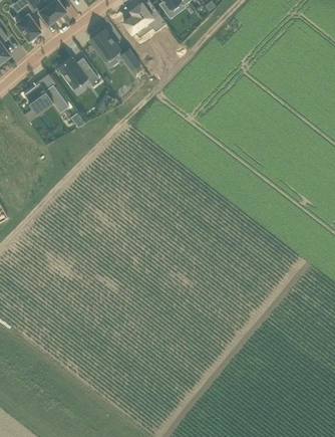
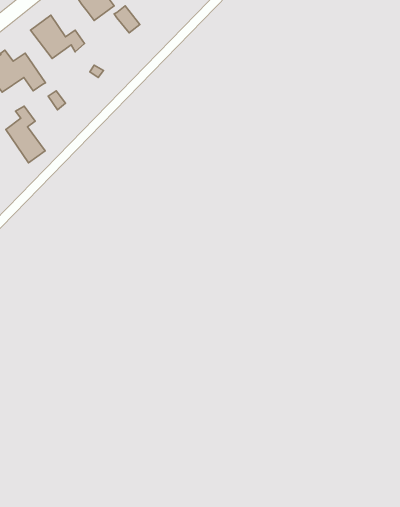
building: none -> [6,106,45,163]

